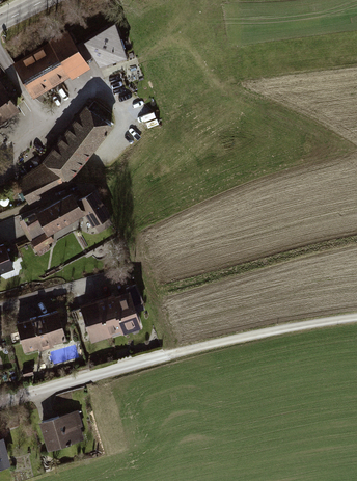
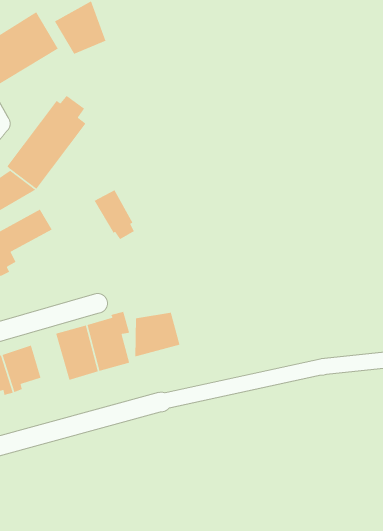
building: [74,191,108,234] -> [94,189,135,240]
building: none -> [135,312,181,358]
building: [39,411,84,451] -> none

